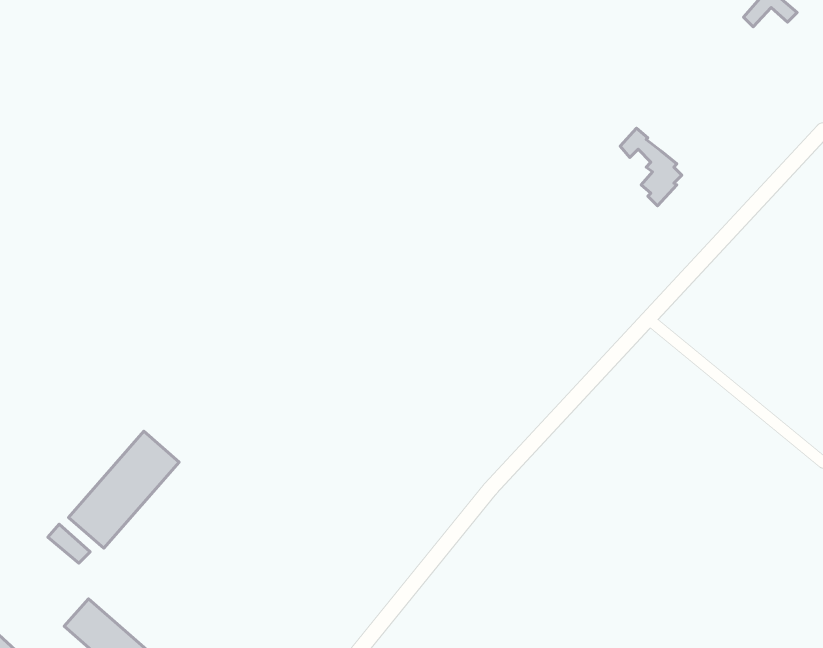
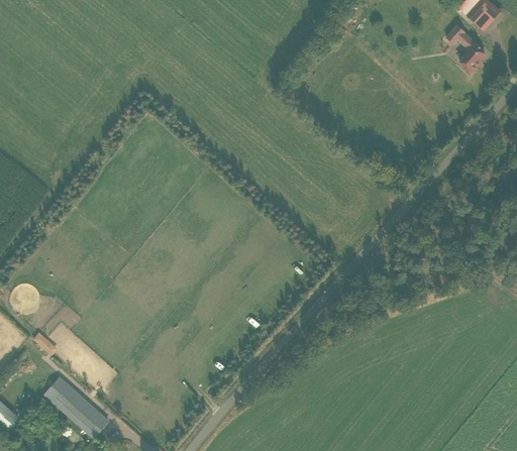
building: [620,128,682,206] -> [445,25,484,74]
building: [69,431,179,548] -> none

